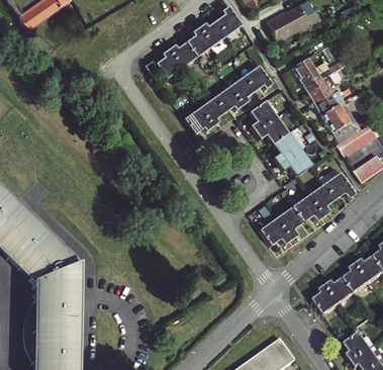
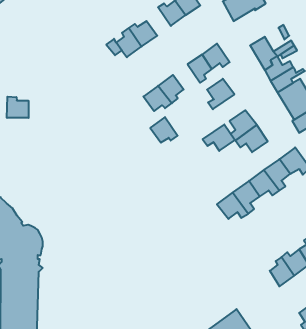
building: [187,26,212,56] -> none
building: [214,85,243,111] -> [150,117,178,143]
building: [256,116,289,144] -> [203,124,235,151]
building: none -> [7,97,29,118]

